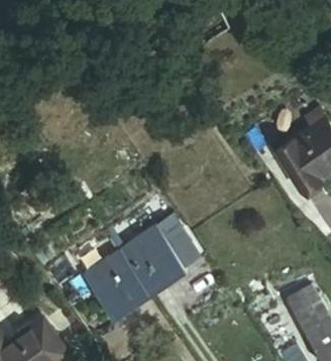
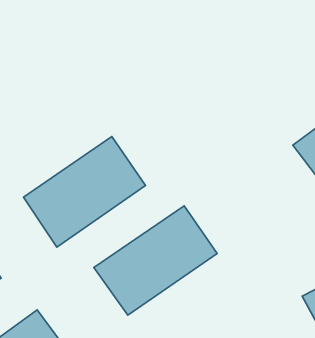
building: none -> [23,137,146,247]

